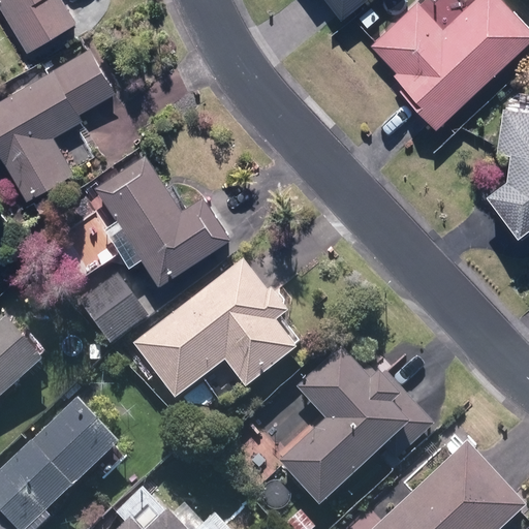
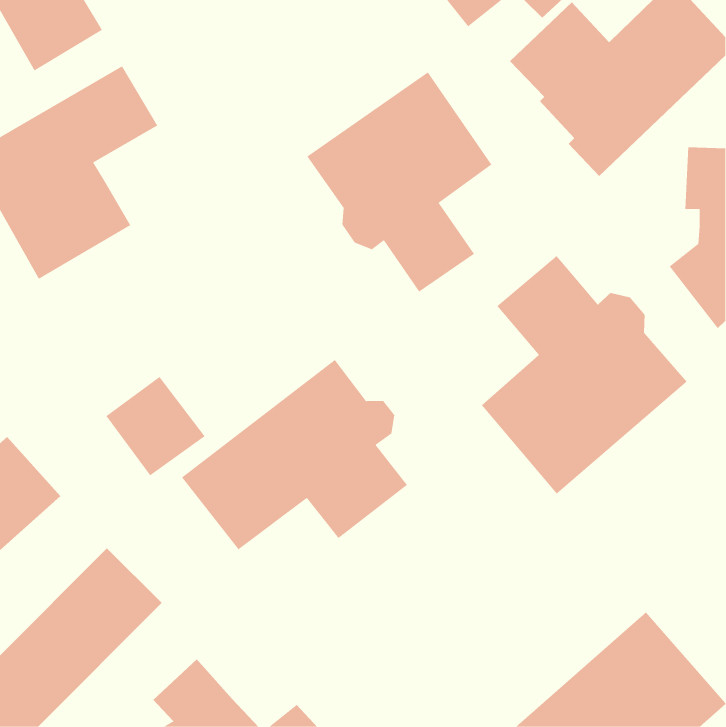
building: none -> [306,71,492,293]
building: [92,153,232,285] -> none
building: none -> [481,255,688,494]
building: [278,349,435,507] -> none

